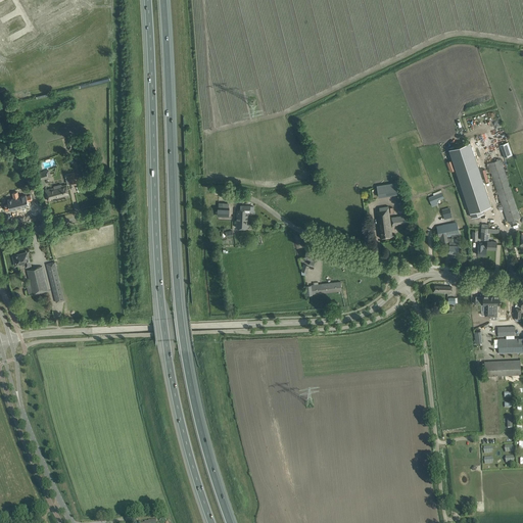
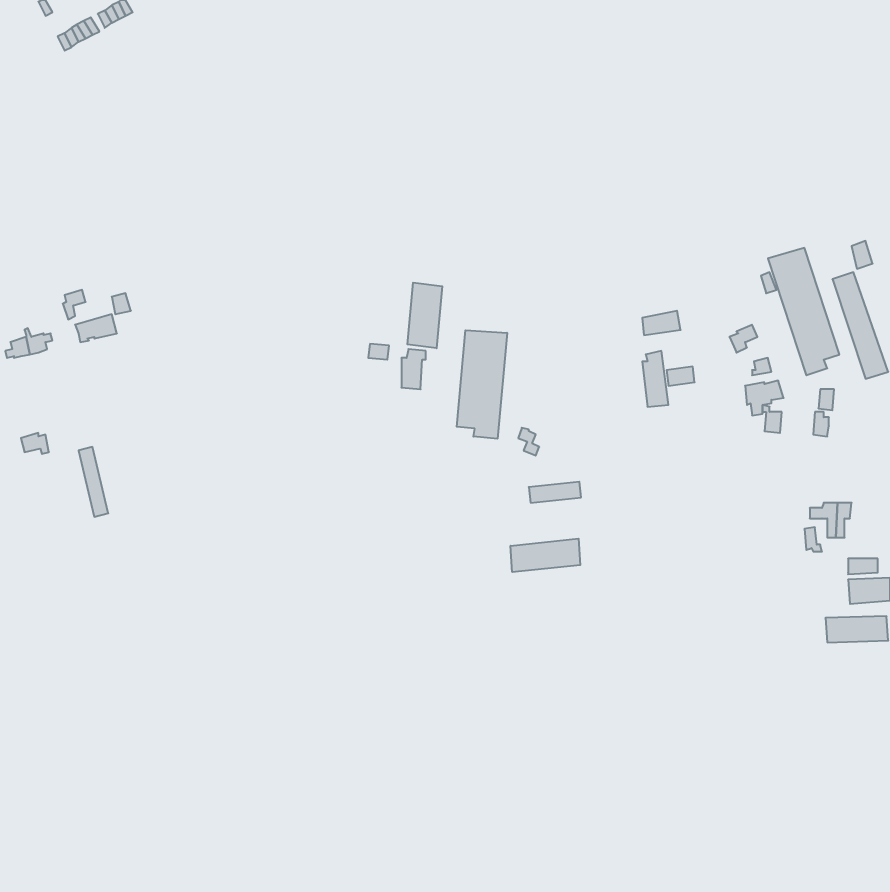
building: none -> [407,283,442,348]
building: none -> [457,330,507,439]
building: [26,267,47,294] -> none
building: none -> [511,539,580,572]

